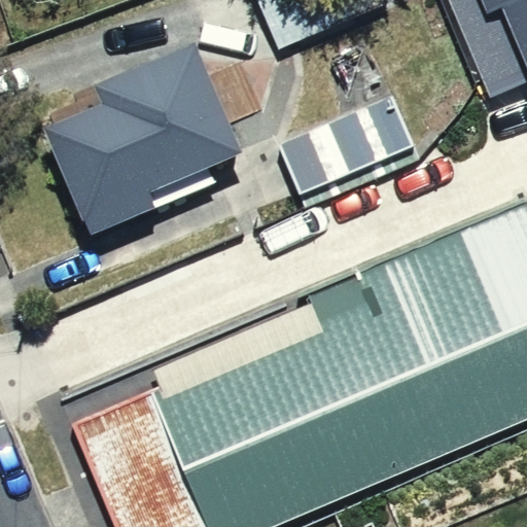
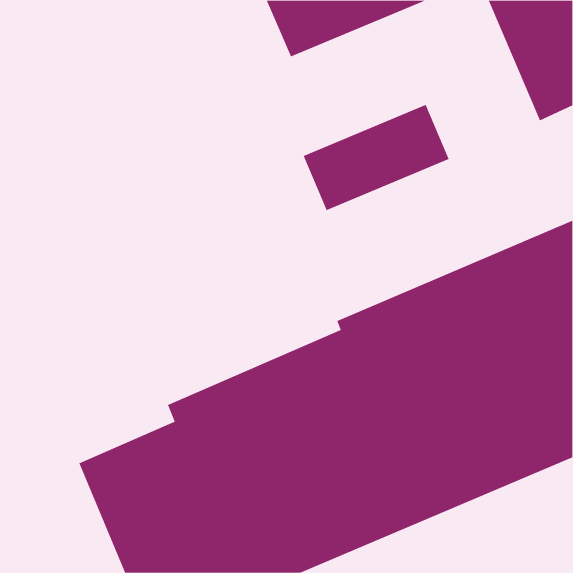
building: [44,43,242,237] -> none

